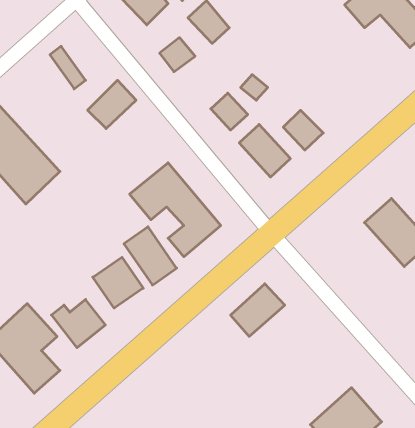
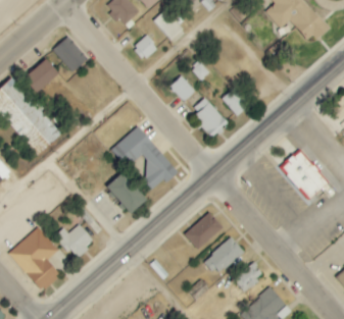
building: [88,80,136,129] -> [23,57,58,92]
building: [93,257,143,308] -> none
building: none -> [203,236,244,275]
building: none -> [234,262,263,291]

